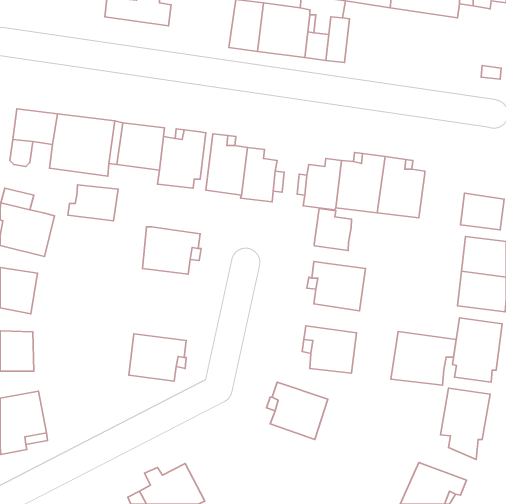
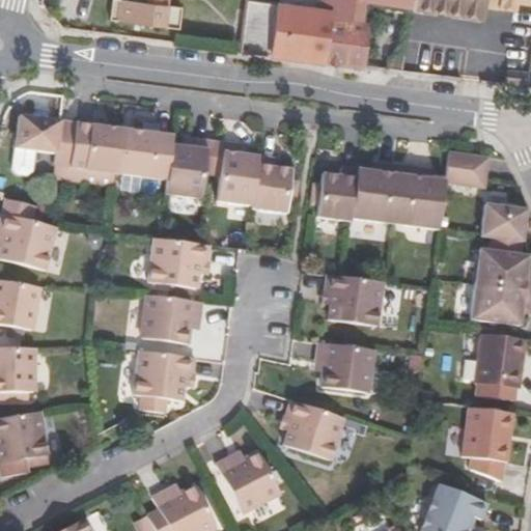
building: none -> [445,150,491,188]
building: [68,185,118,221] -> none
building: [314,209,352,251] -> none
building: none -> [142,295,203,342]
building: [391,332,456,385] -> none
building: none -> [215,451,279,511]

